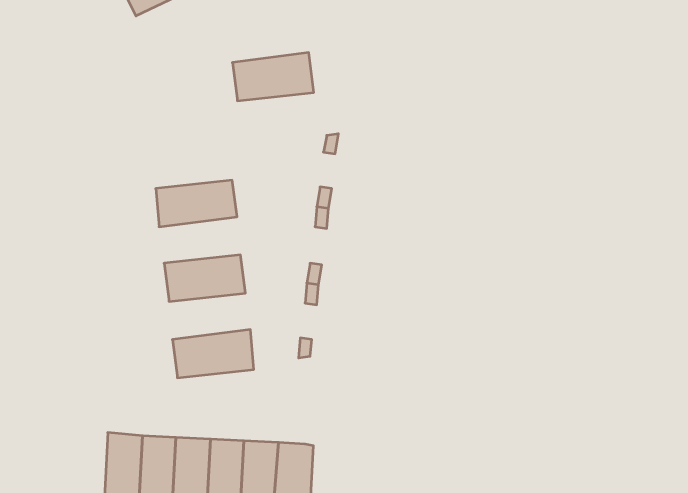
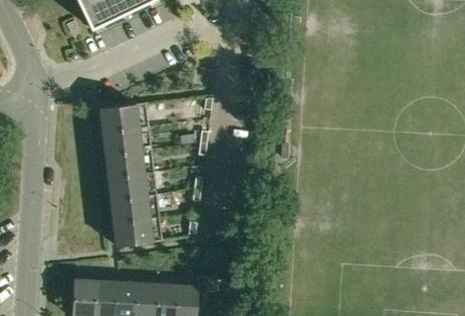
building: [232,53,314,101] -> [99,102,149,131]
building: none -> [104,148,154,177]
building: none -> [110,195,160,223]

